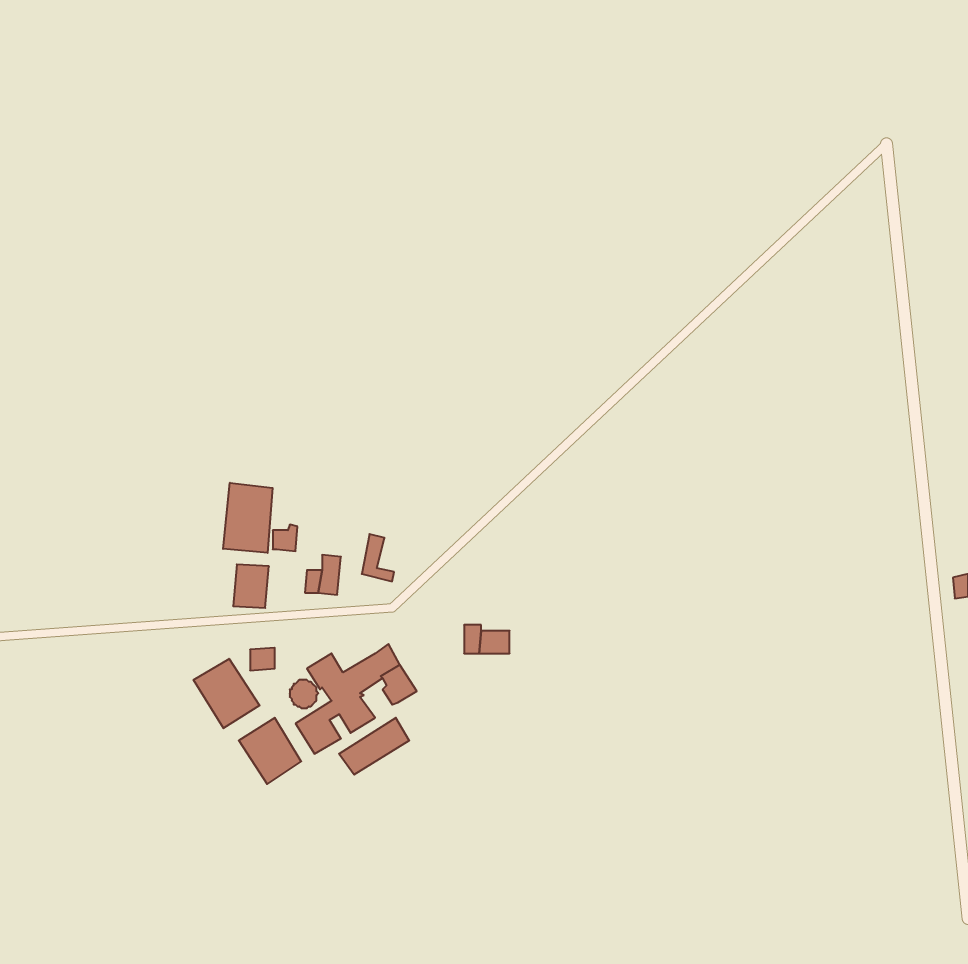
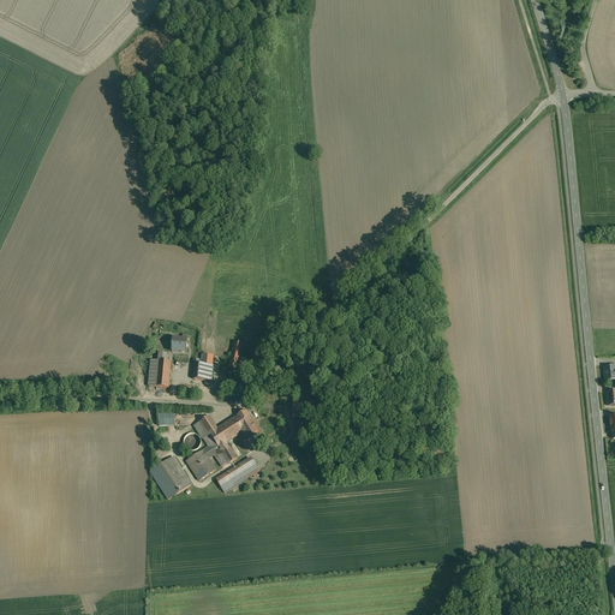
building: [223,483,273,553] -> none
building: [194,659,260,728] -> none

